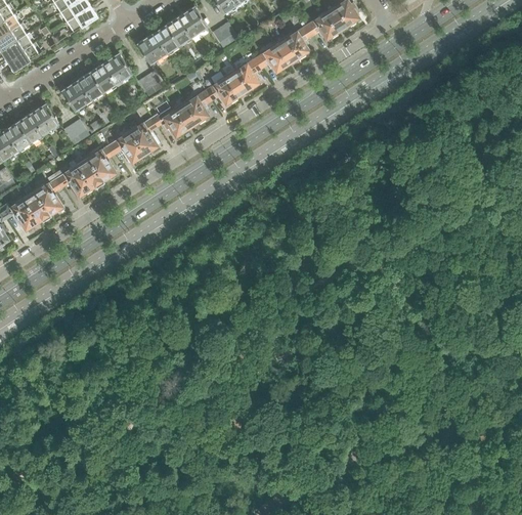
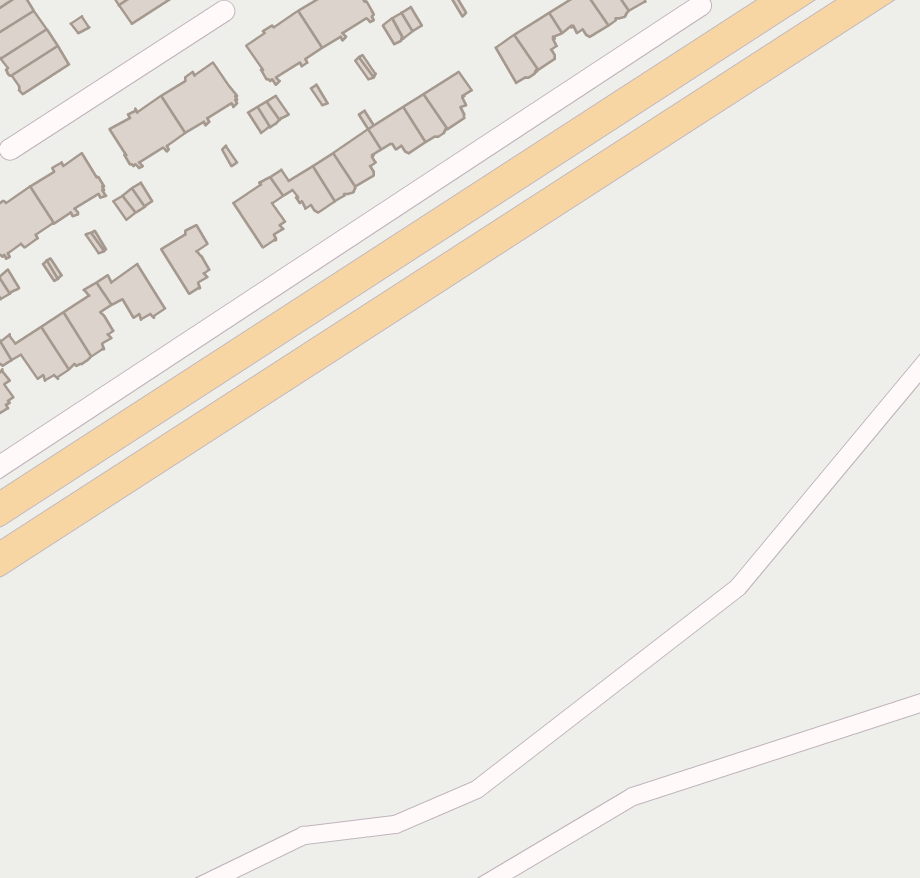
building: [255,46,287,72] -> none
building: [110,132,146,163] -> none
building: [77,158,105,190] -> none

